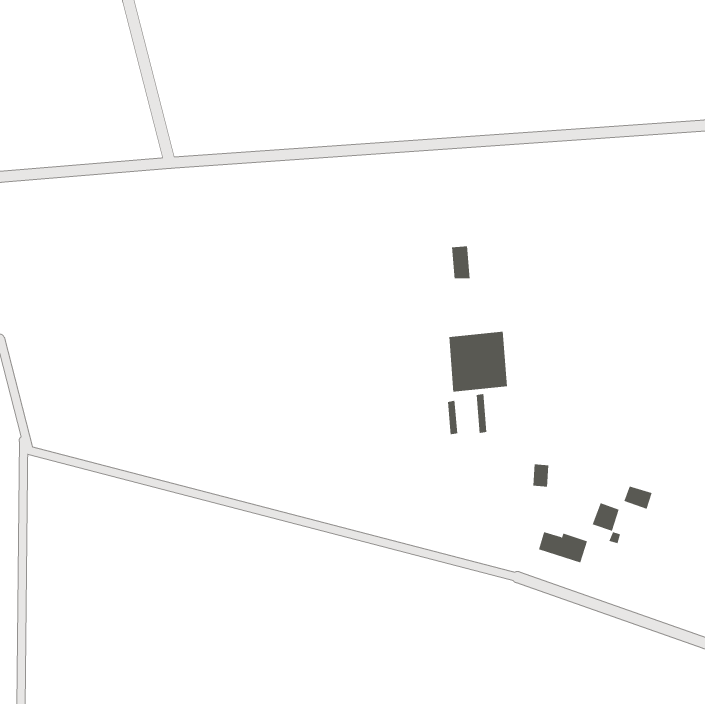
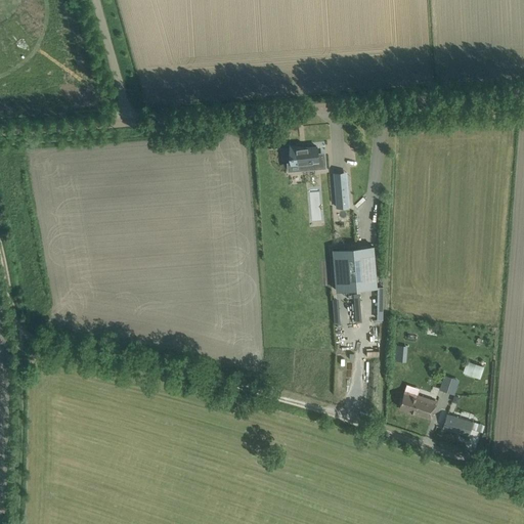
building: none -> [290,147,323,169]
building: none -> [437,414,473,438]

